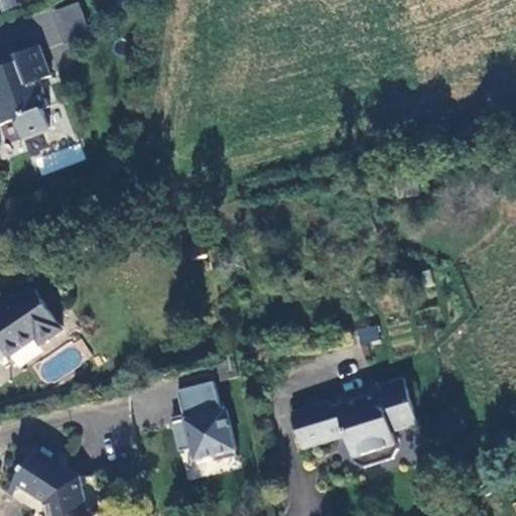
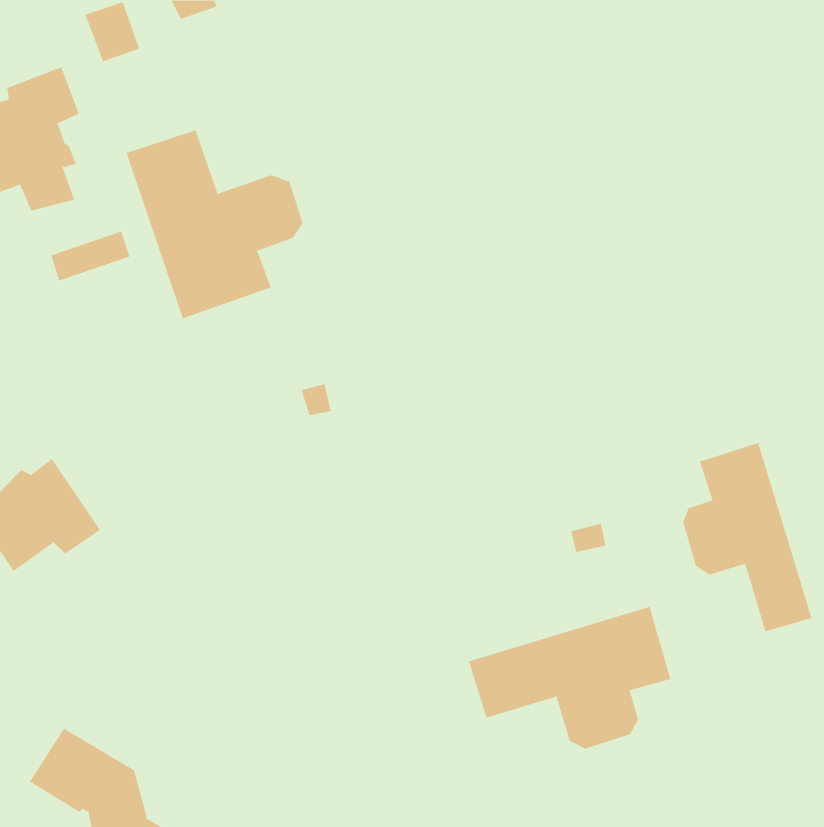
building: none -> [126,129,303,319]
building: none -> [683,442,812,632]
building: [170,386,234,464] -> none

